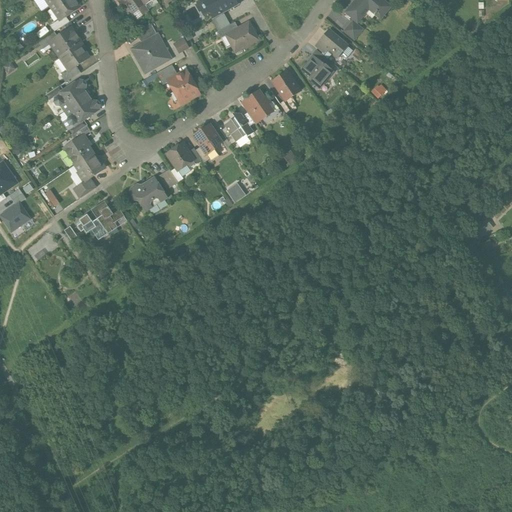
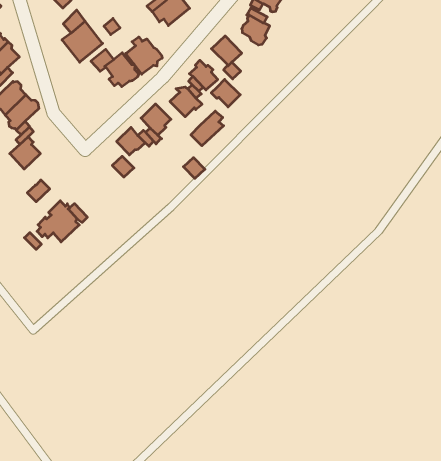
building: none -> [126,37,162,74]
building: none -> [211,79,240,107]
building: none -> [191,111,224,146]
building: [75,152,105,181] -> none
building: [131,178,172,218] -> none

